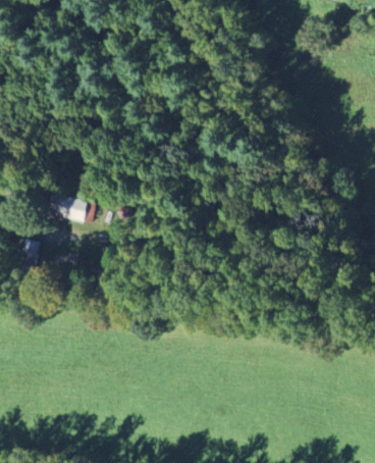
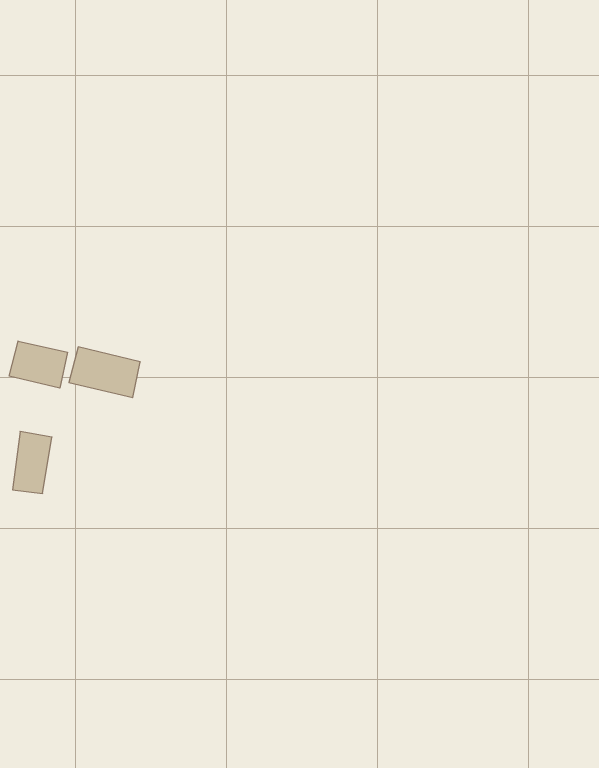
building: none -> [9,341,67,388]

